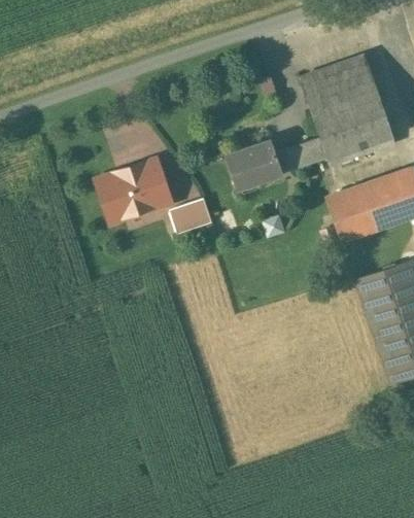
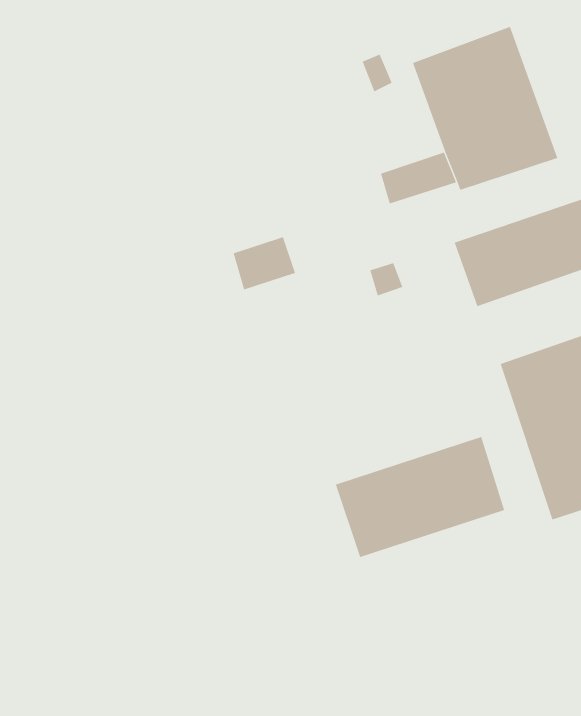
building: [227,141,282,187] -> none
building: [95,157,174,225] -> none
building: none -> [335,436,505,558]

